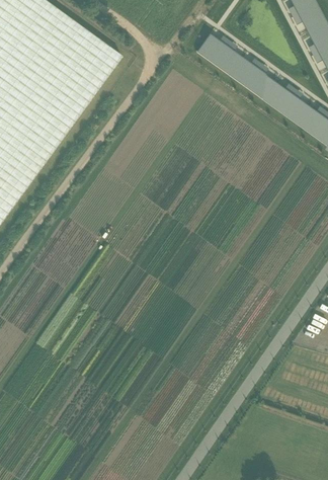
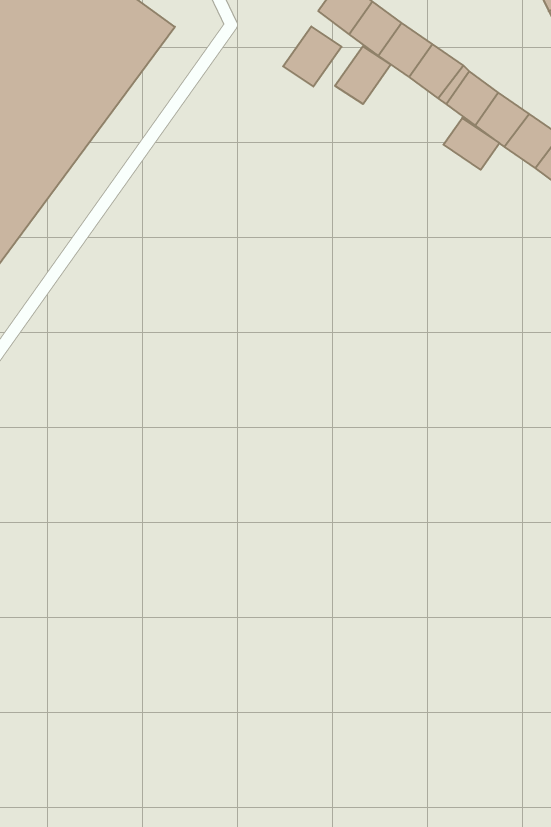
building: none -> [283,26,342,87]
building: none -> [335,46,391,104]
building: none -> [443,118,499,170]

